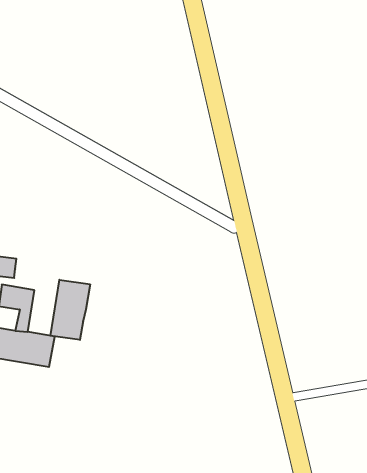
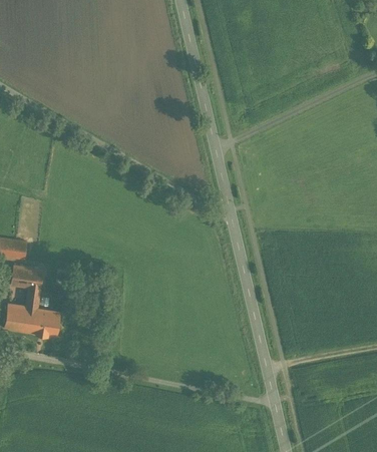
building: [50,280,90,340] -> none

